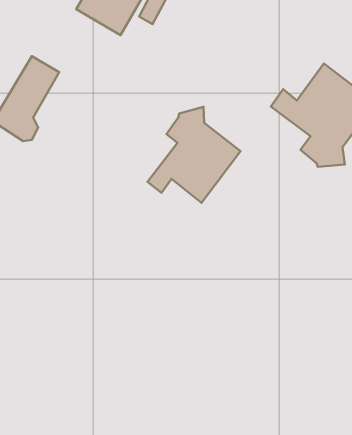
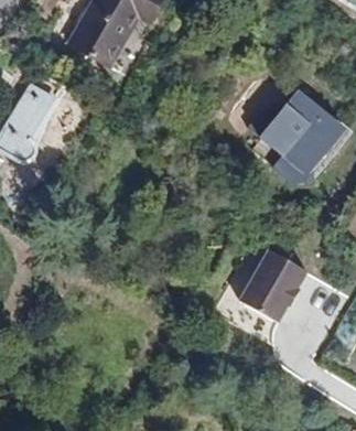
building: [148,107,241,203] -> none
building: none -> [237,248,304,321]

